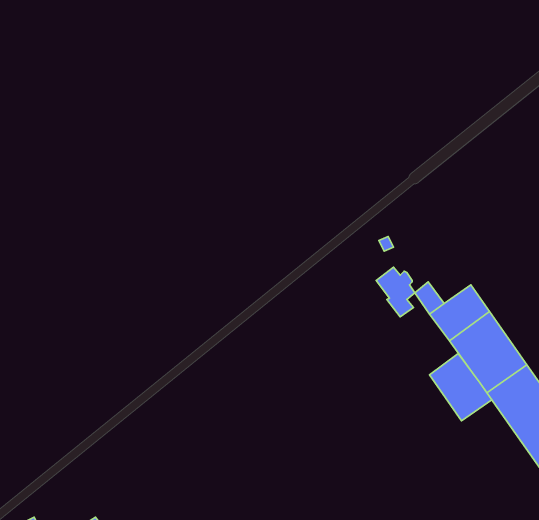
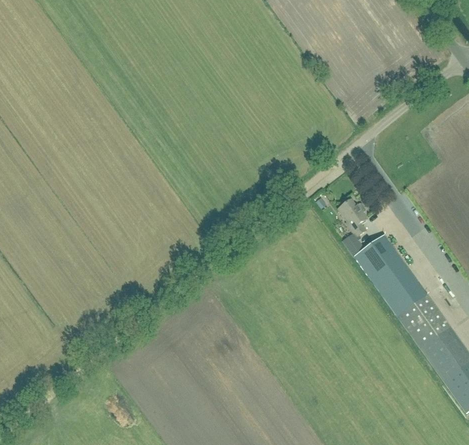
building: [376,267,415,317] -> [337,198,366,235]
building: [429,354,492,421] -> none

